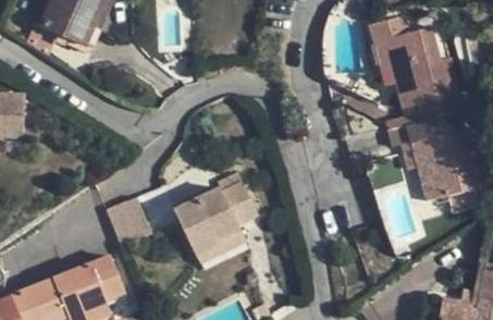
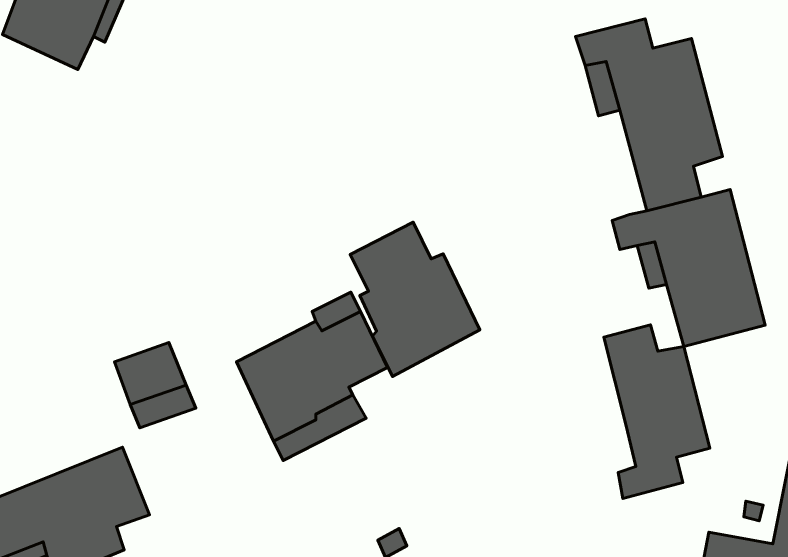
building: none -> [350,222,480,376]
building: none -> [604,325,710,499]

